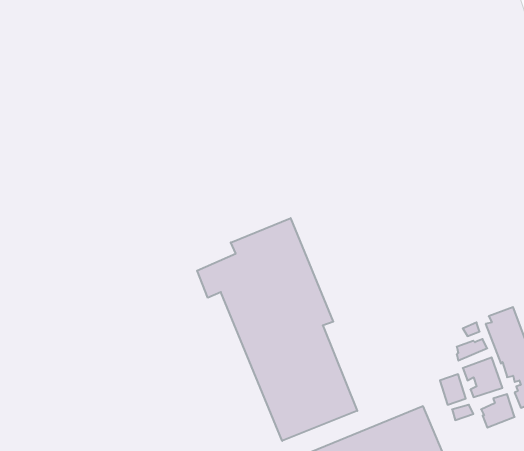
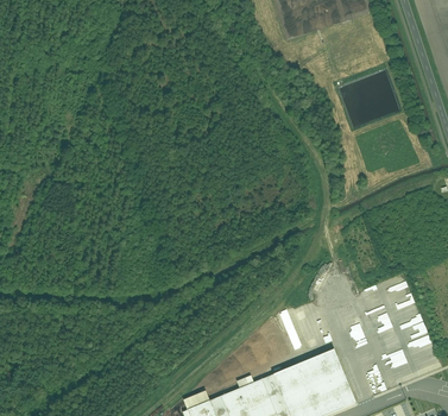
building: [197,218,357,441] -> none

